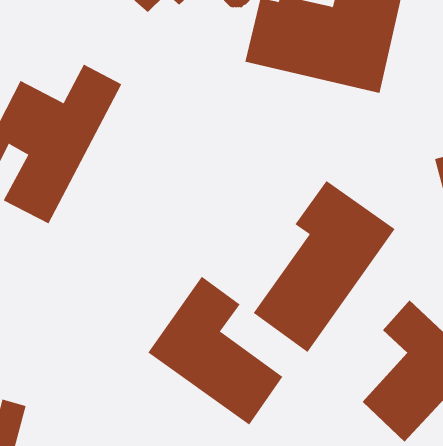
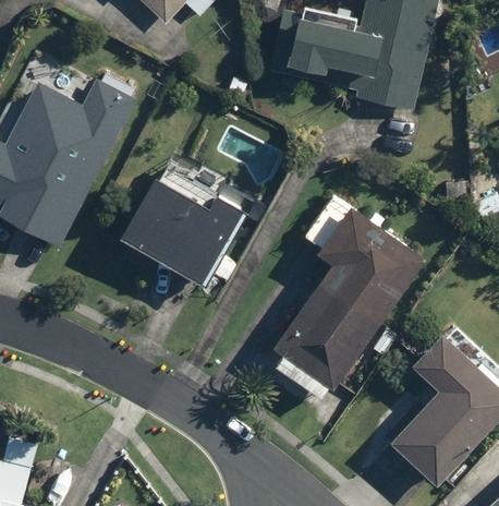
building: none -> [122,174,251,285]
building: [148,276,283,425] -> none

